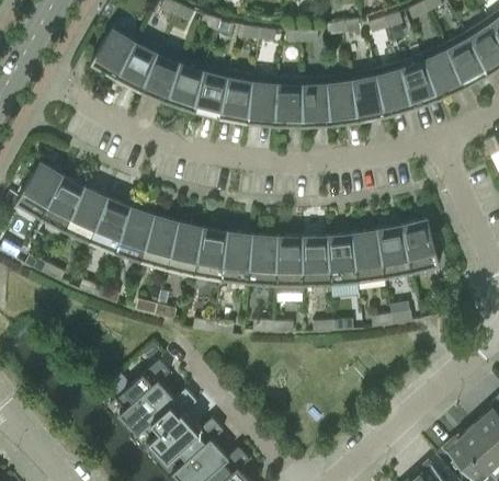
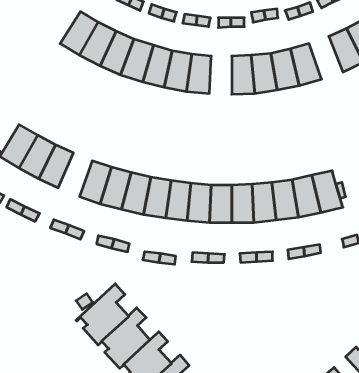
building: [397,54,439,106] -> none
building: [274,78,302,125] -> none
building: [88,197,129,251] -> none

